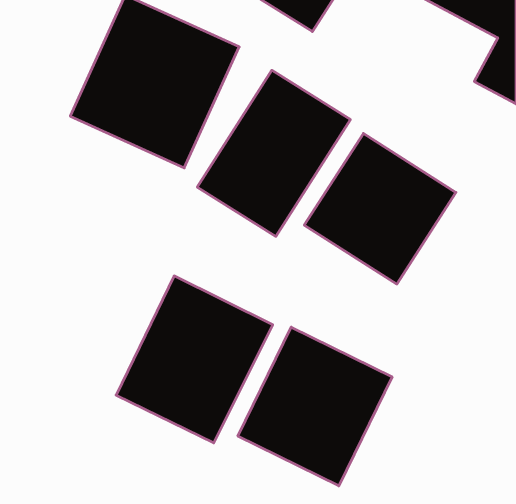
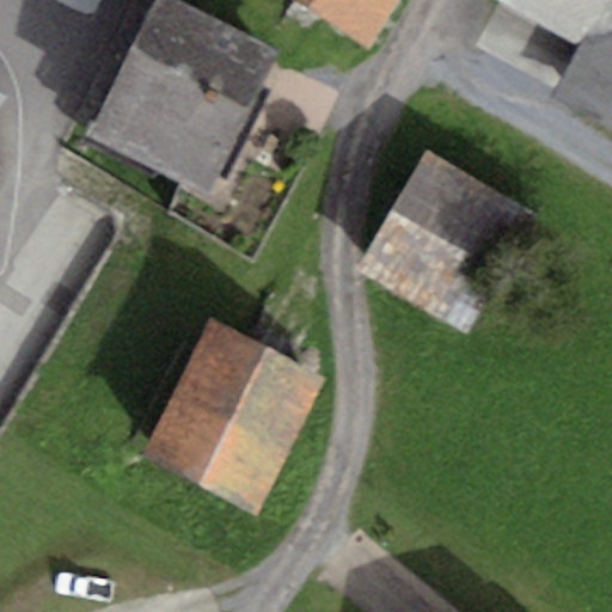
building: [197,70,350,236] -> none
building: [238,327,392,486] -> none

